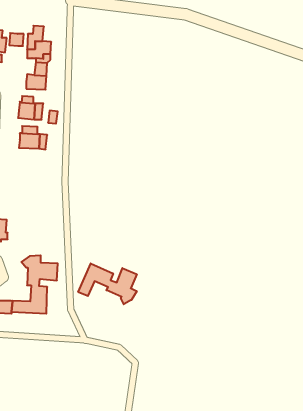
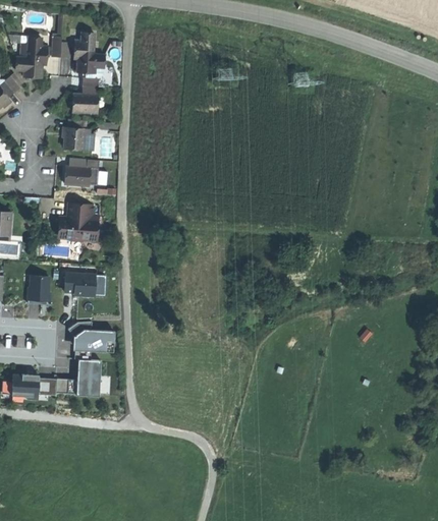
building: none -> [60,206,97,242]
building: none -> [64,274,96,296]
building: [78,263,137,304] -> none

